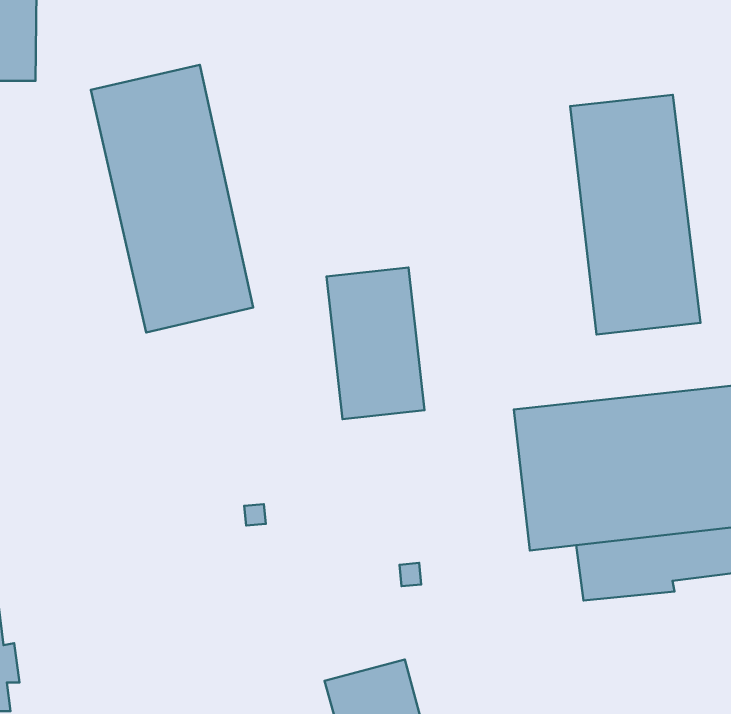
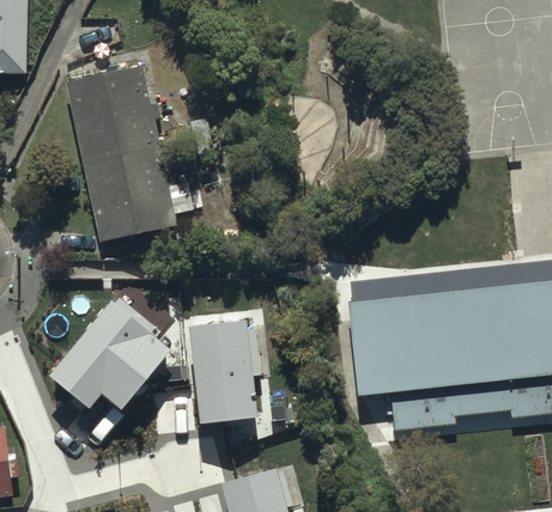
building: [570,95,701,335] -> none
building: [326,267,425,419] -> [190,318,256,420]
building: none -> [51,298,170,403]

